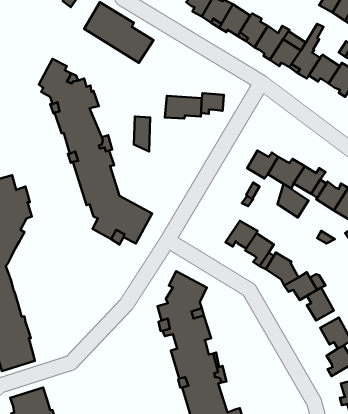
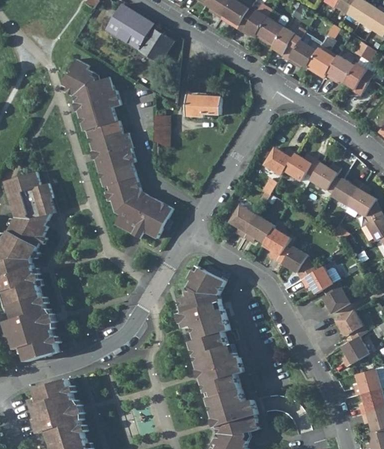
building: [201,93,224,114] -> none
building: [277,184,309,218] -> none
building: none -> [229,205,257,237]

